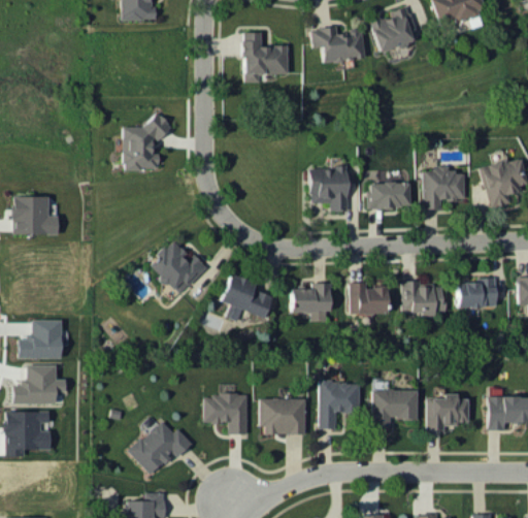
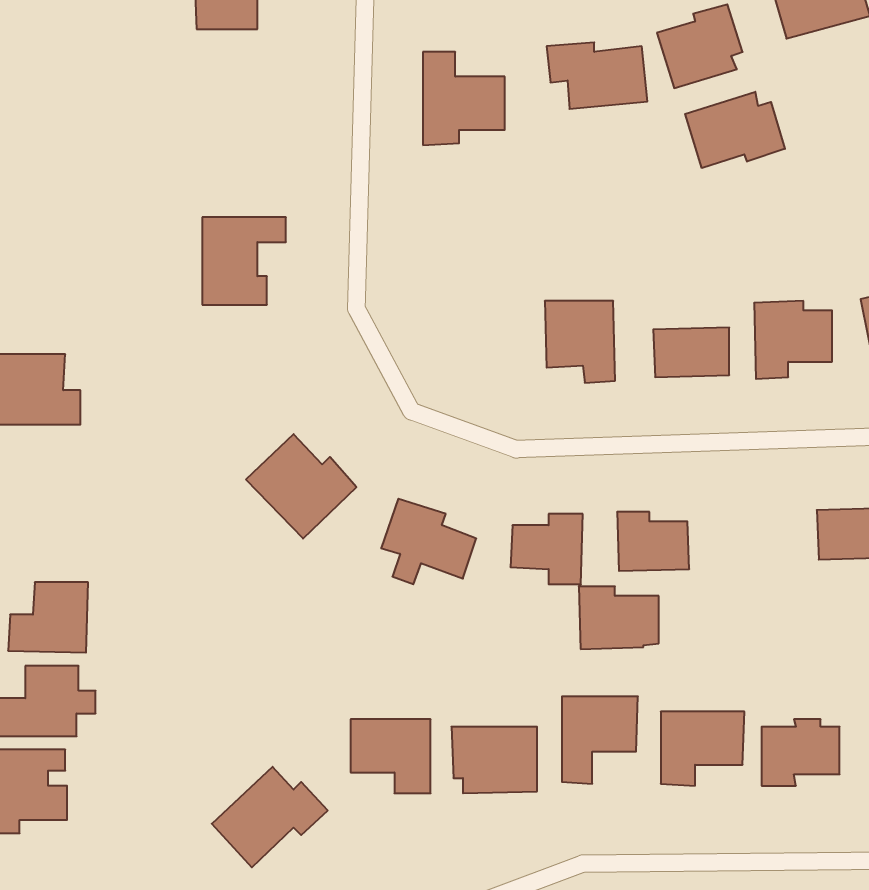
building: none -> [685,92,785,168]
building: [401,280,444,314] -> [579,586,659,649]

